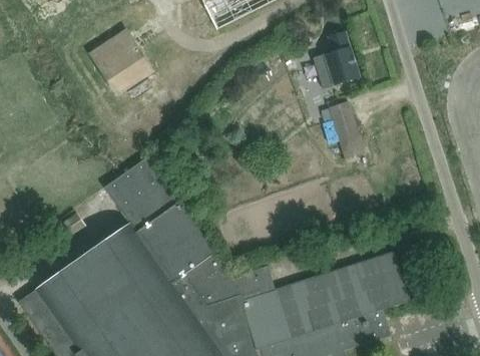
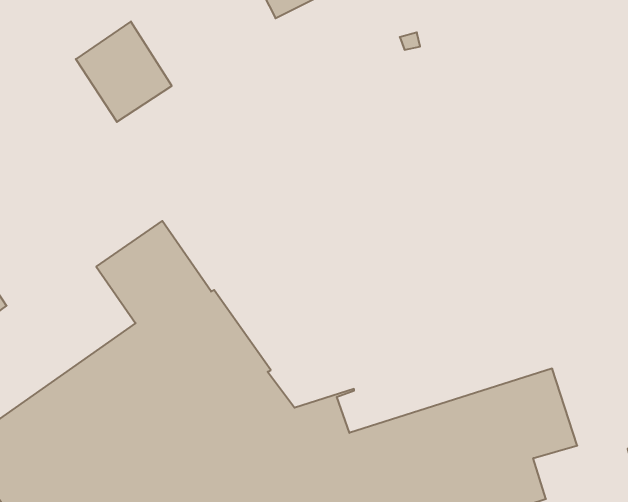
building: [313,29,359,86] -> none
building: [328,99,364,155] -> none

